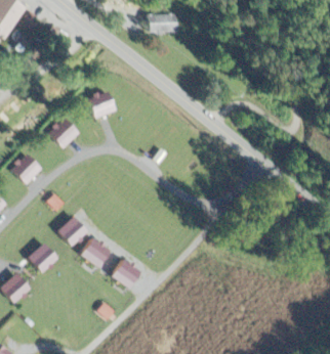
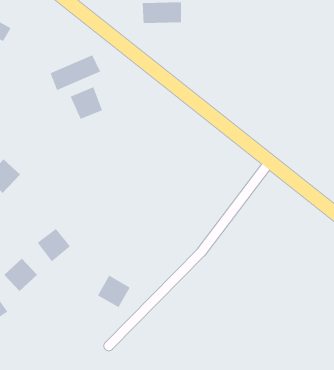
building: none -> [50,55,101,91]
building: [47,117,79,149] -> none
building: [80,236,110,266] -> none

